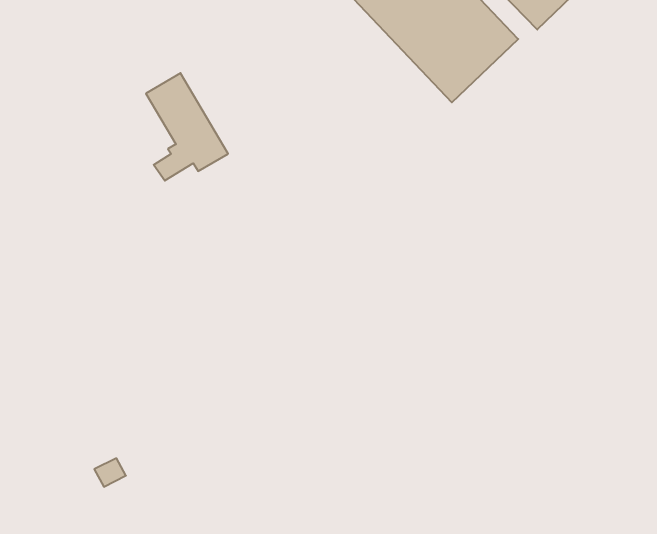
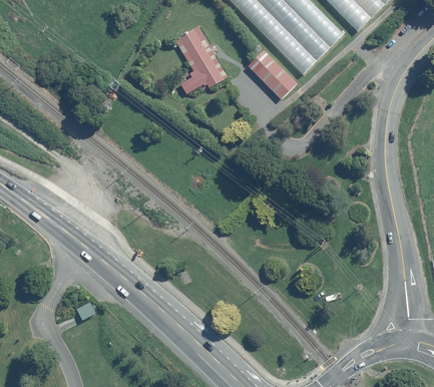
building: none -> [257,55,297,96]
building: [146,73,228,181] -> [175,24,228,92]

